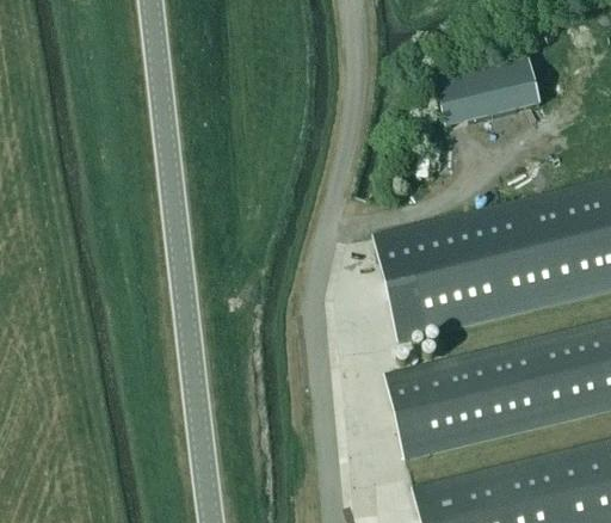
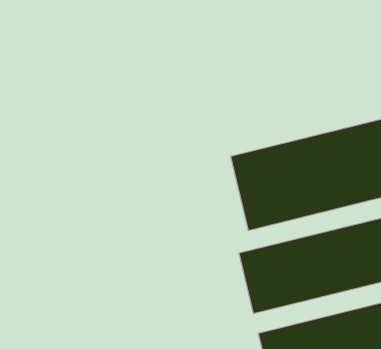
building: [437,60,542,128] -> none

